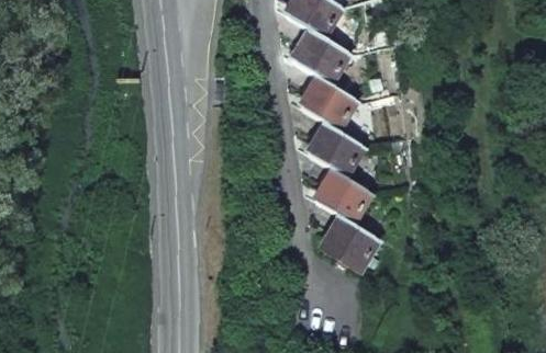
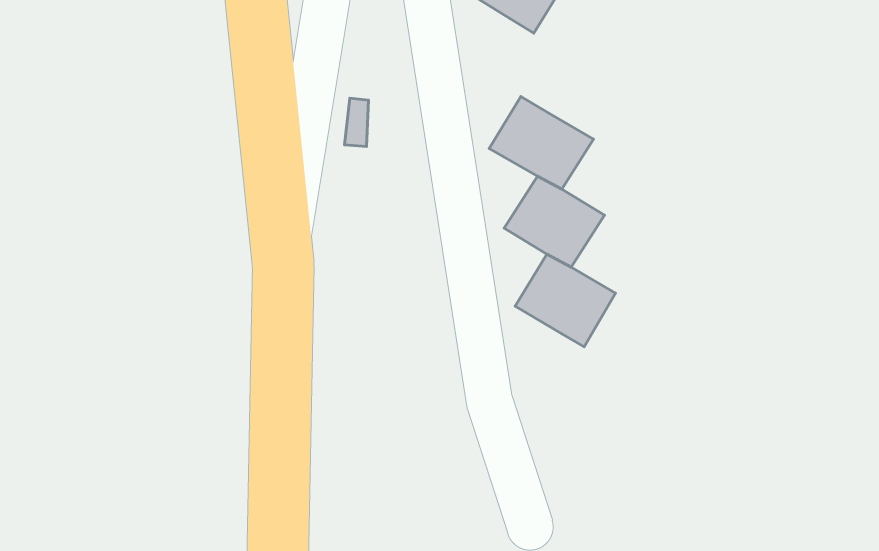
building: [290,29,350,84] -> none
building: [321,215,379,270] -> none

